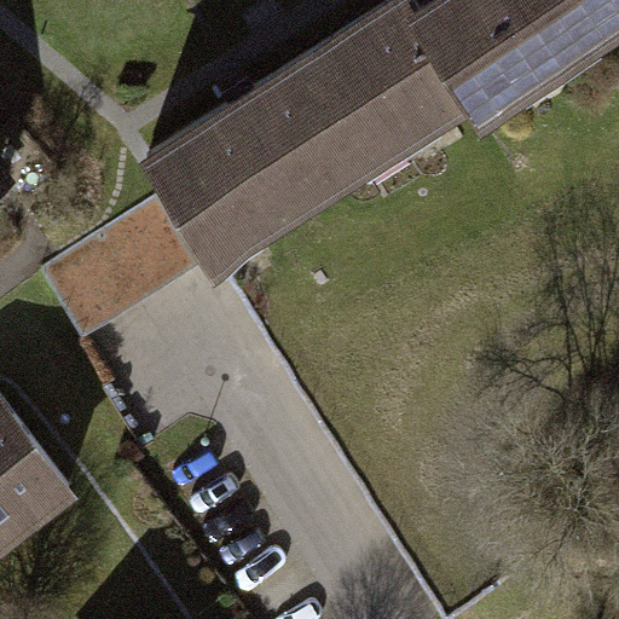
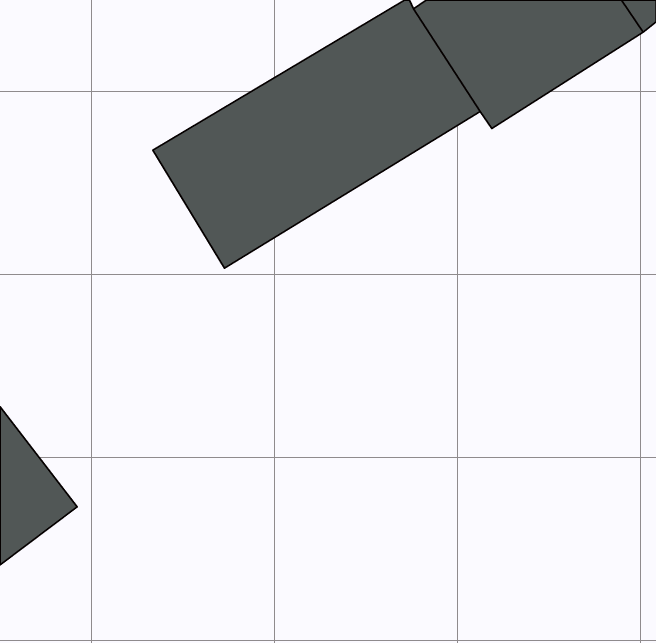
building: [34,202,193,339] -> none

